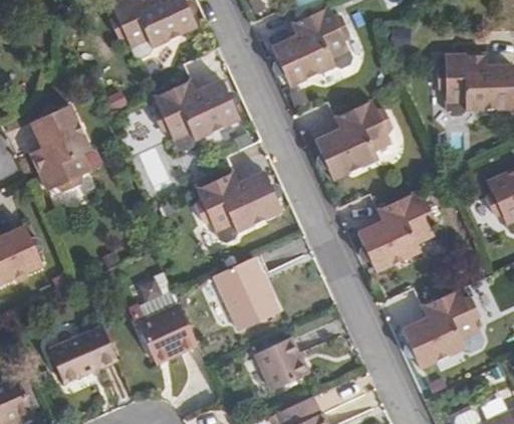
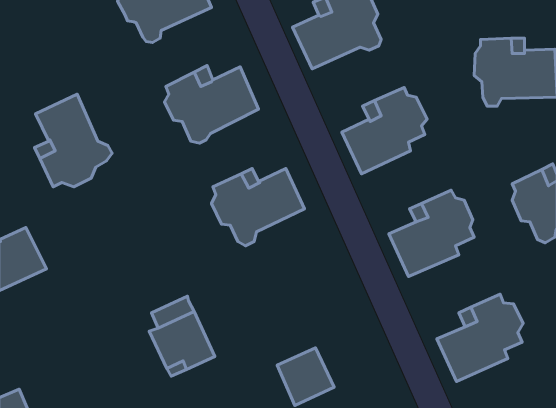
building: [215,257,279,331] -> none
building: [49,325,117,383] -> none

